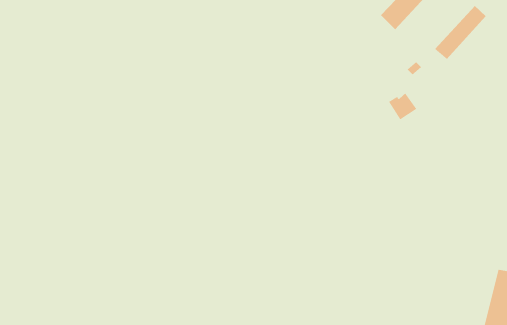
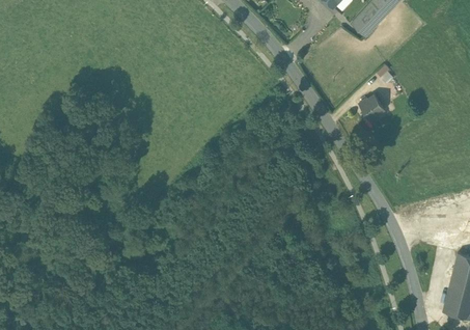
building: [434,5,486,60] -> none

